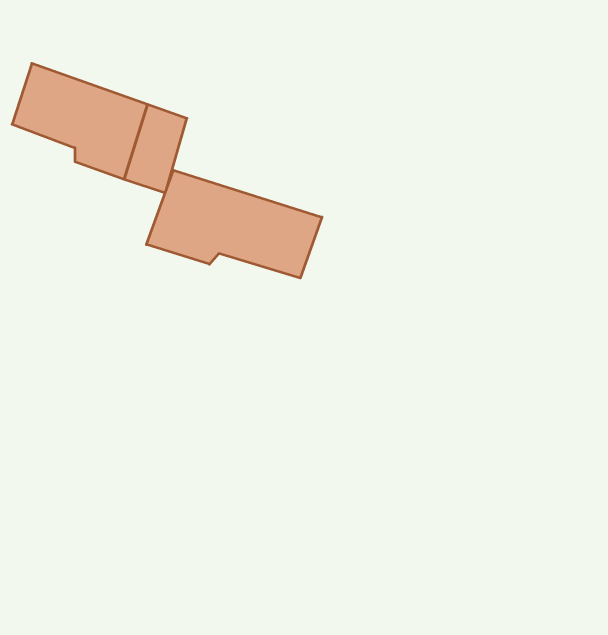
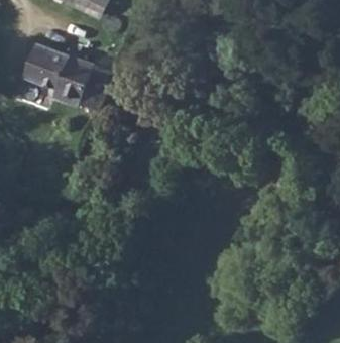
building: [146,170,322,278] -> none

